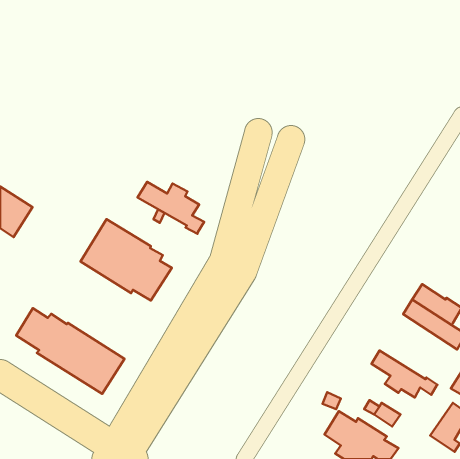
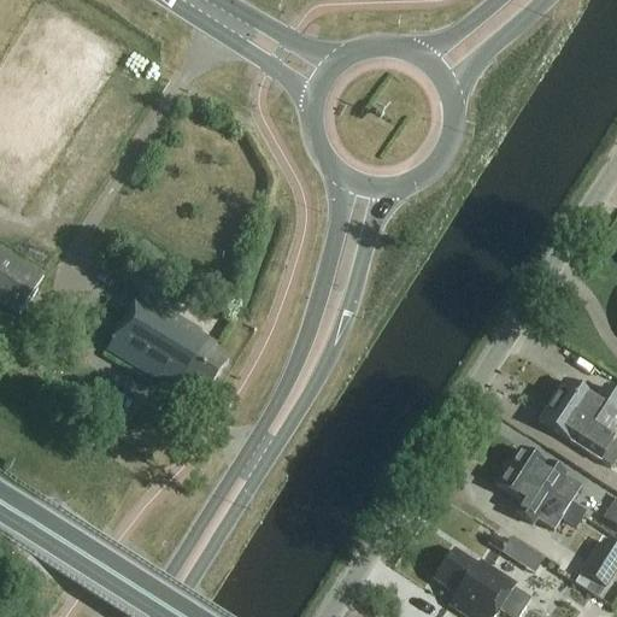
building: [138,182,204,234] -> none
building: [16,308,124,394] -> none
building: none -> [509,447,582,505]

